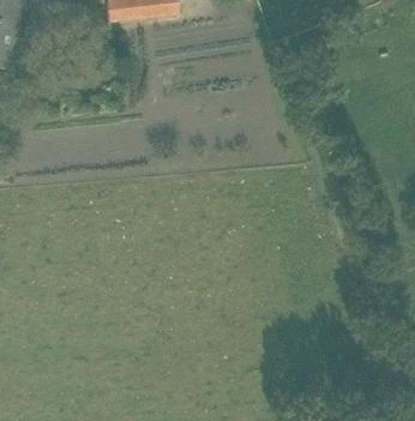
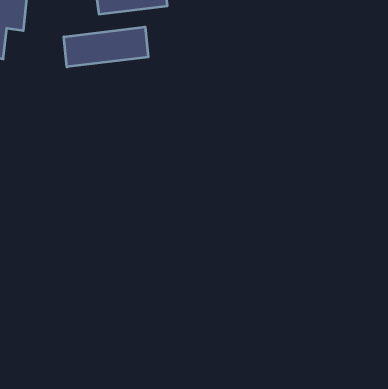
building: none -> [64,27,148,67]

